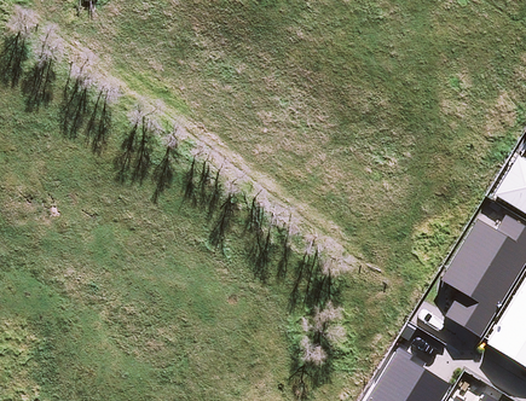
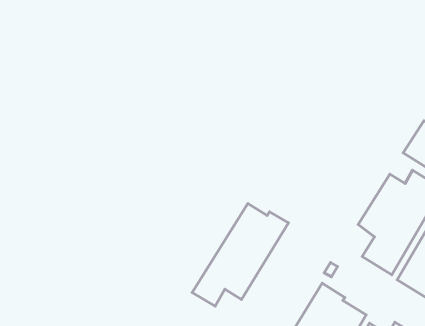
building: none -> [192,204,289,306]

